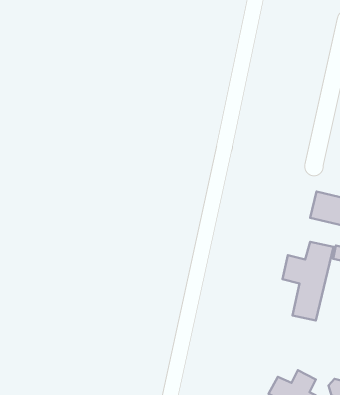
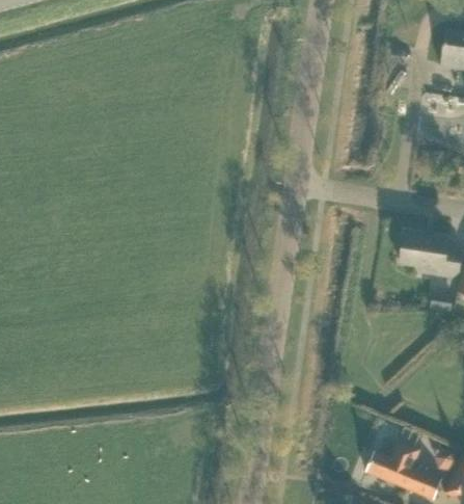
building: [283,242,334,321] -> none

